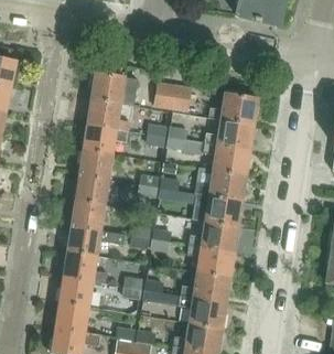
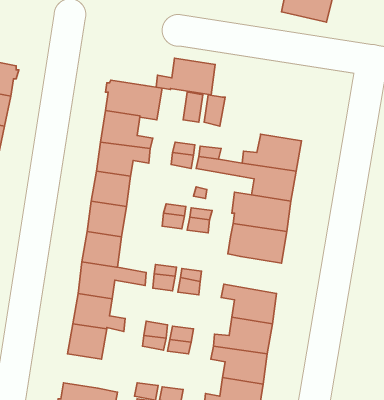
building: [208,92,258,122] -> [156,58,215,95]
building: [190,219,238,250] -> none
building: [55,301,87,330] -> none

